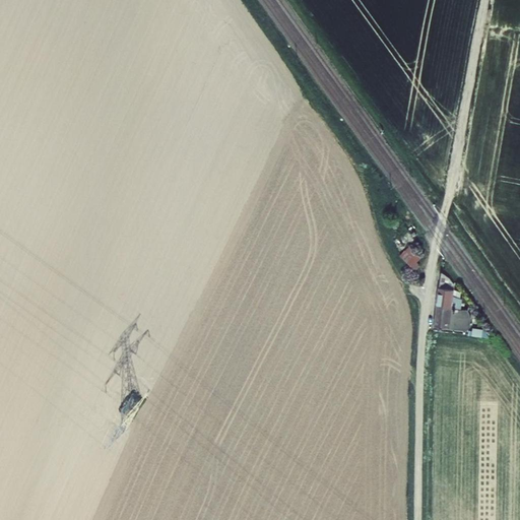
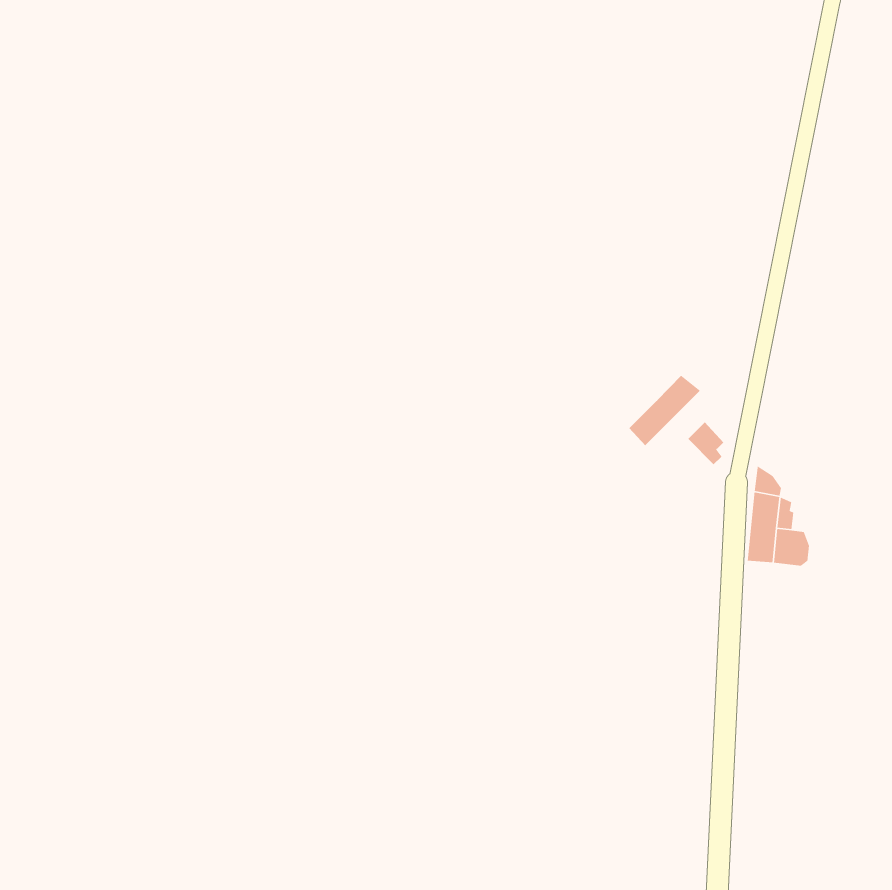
building: none -> [629,375,701,446]

